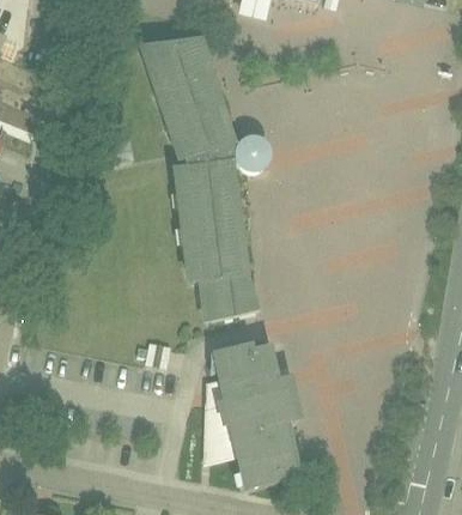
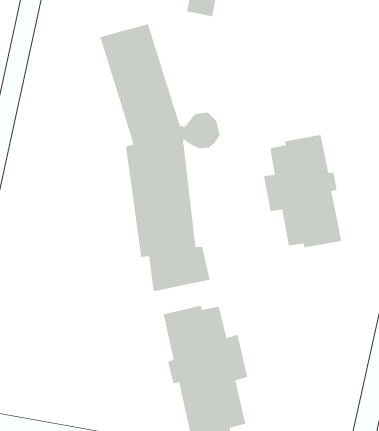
building: none -> [264,134,342,248]

